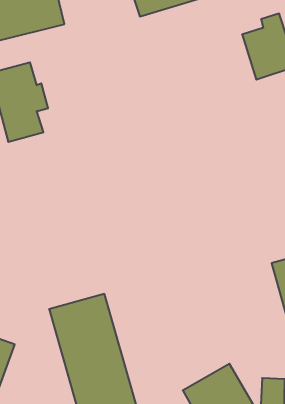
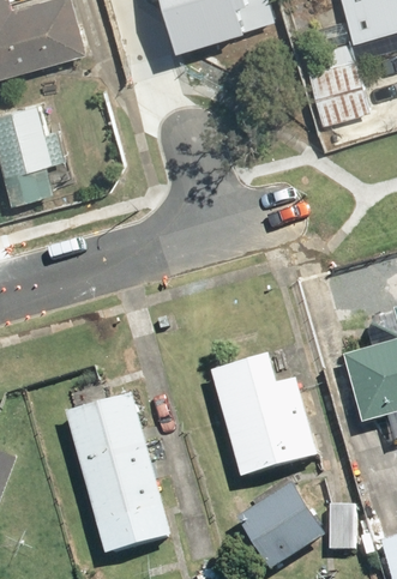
building: none -> [211,357,321,481]

